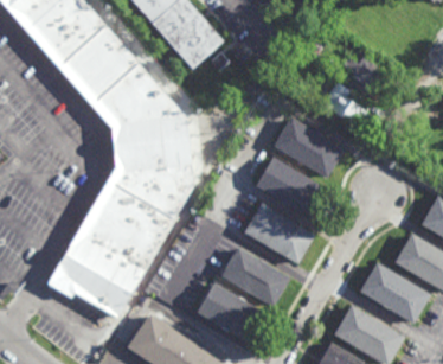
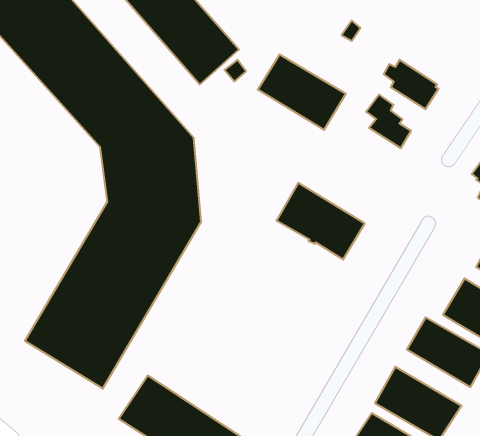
building: [272,119,345,180] -> [258,55,346,130]
building: [244,200,316,263] -> none
building: [219,244,291,305] -> none
building: [197,281,268,343] -> none

